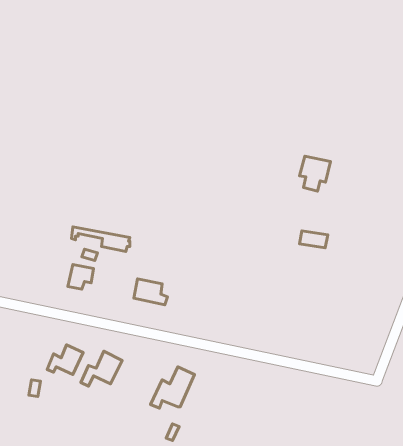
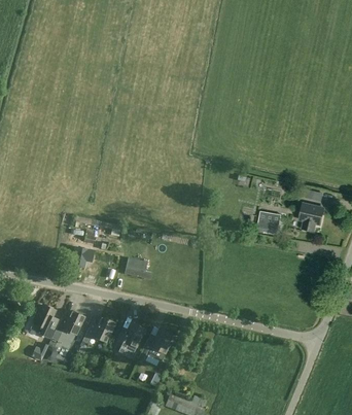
building: [300,156,331,191] -> [298,203,323,231]
building: none -> [34,304,59,336]
building: none -> [113,322,145,353]

